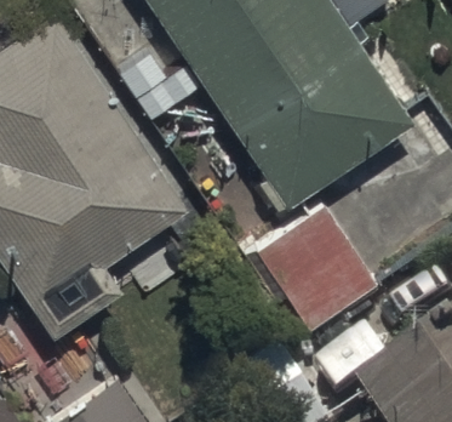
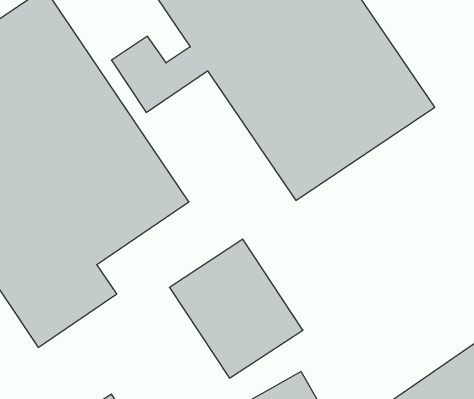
building: [258,206,379,332] -> [169,239,303,378]

